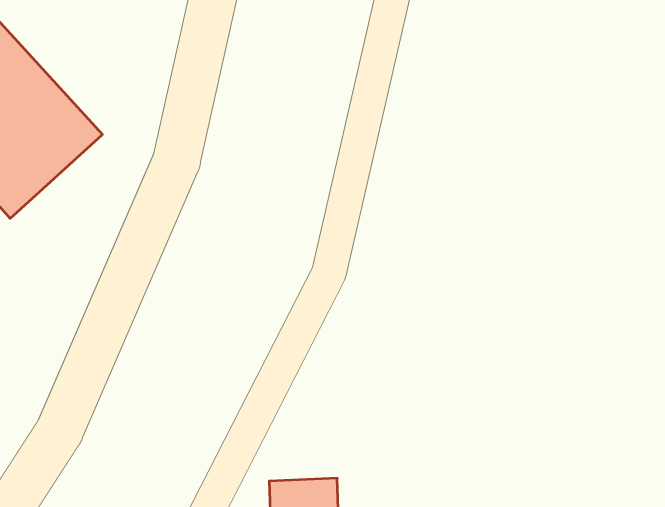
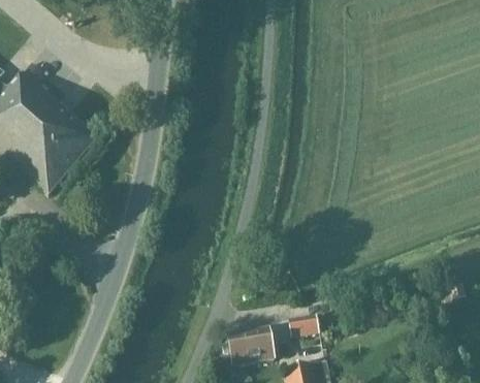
building: none -> [288,313,319,336]

